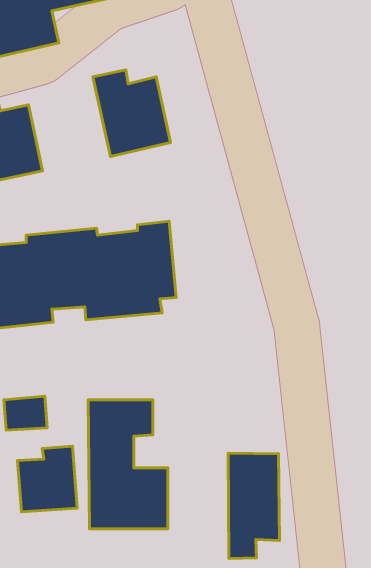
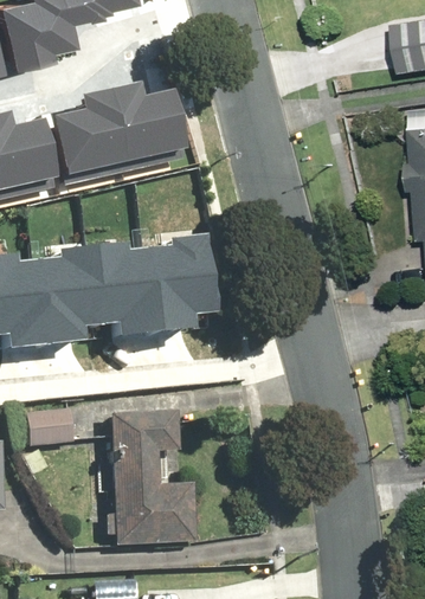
building: none -> [53,88,130,181]
building: [18,446,77,512] -> none
building: [228,453,279,558] -> none

